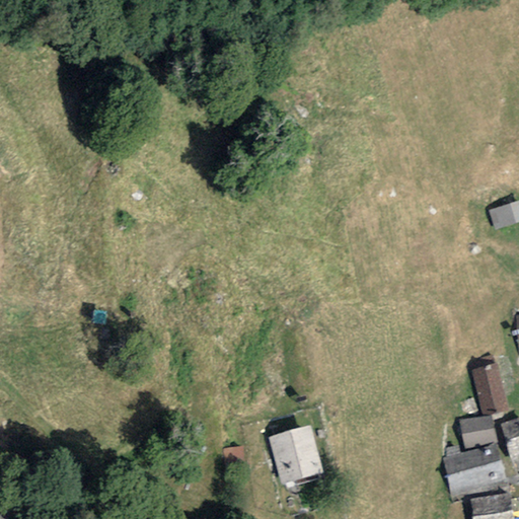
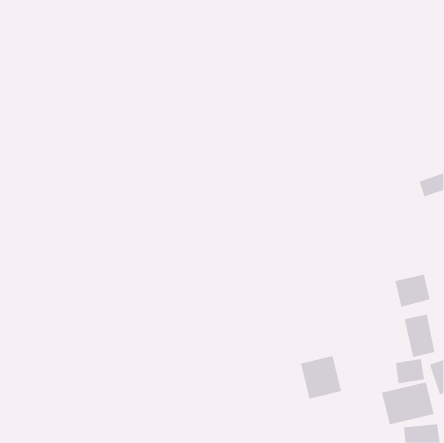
building: none -> [395,274,430,308]
building: [277,429,325,479] -> [300,356,342,399]

